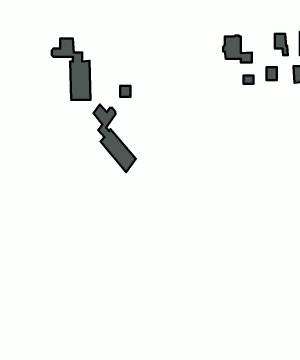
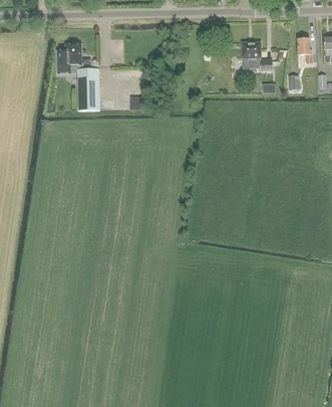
building: [93,104,136,172] -> none

